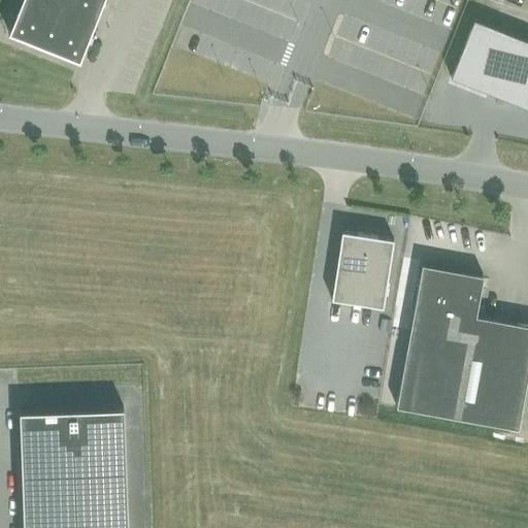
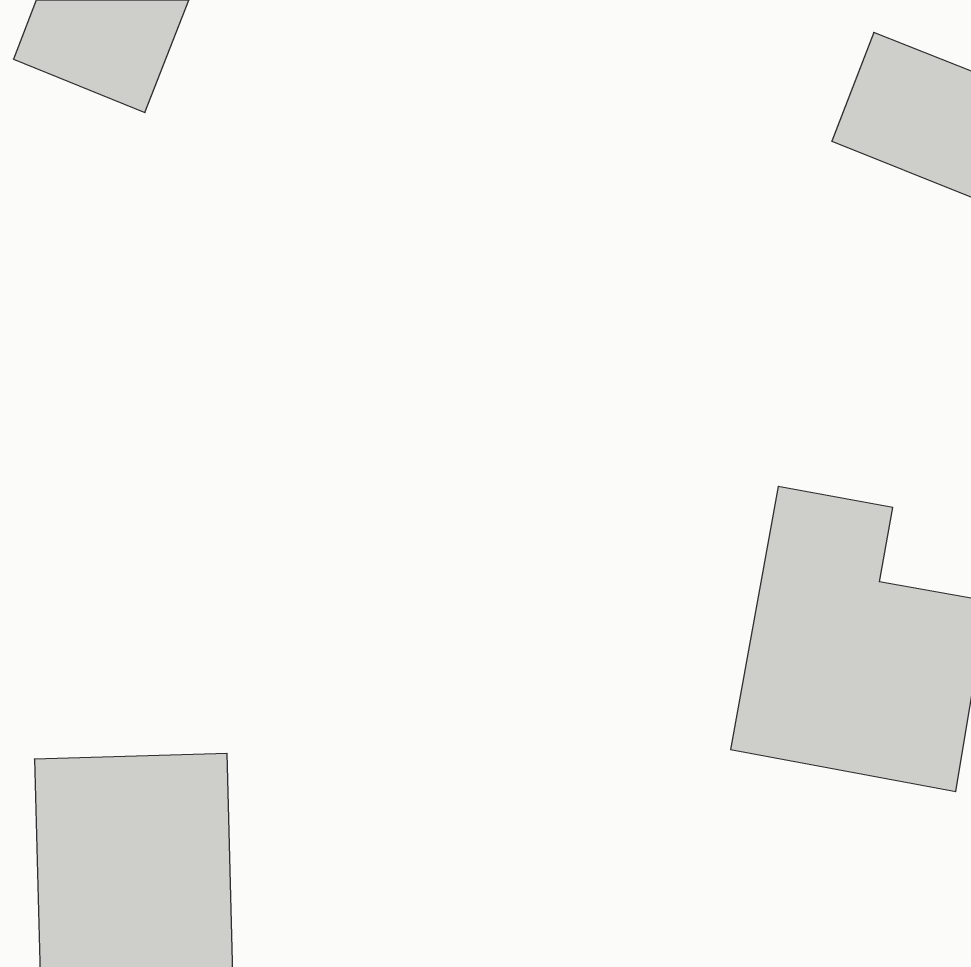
building: [332,234,394,310] -> none

